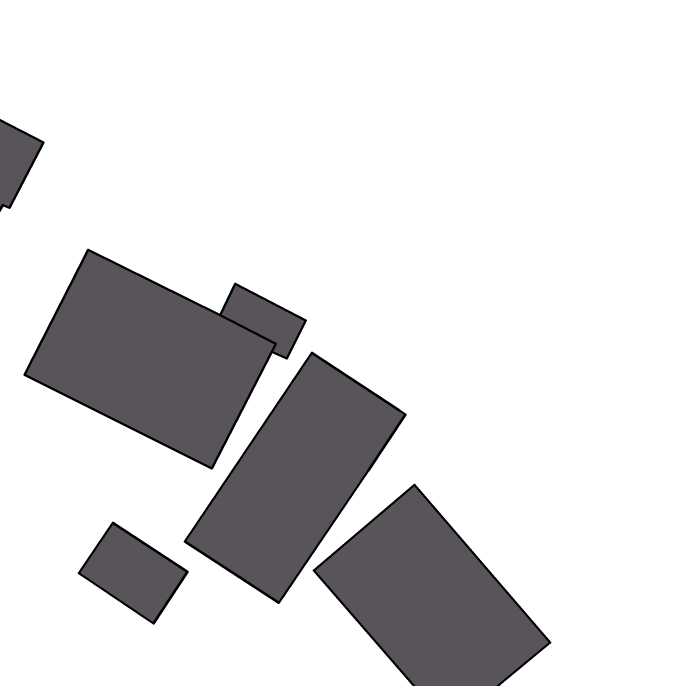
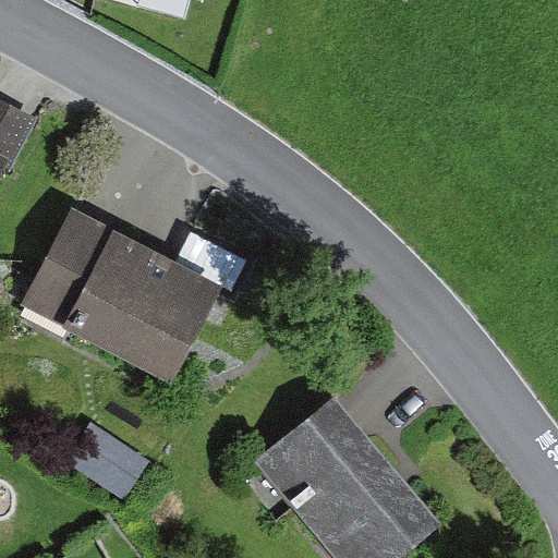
building: [185,353,406,603] -> none

